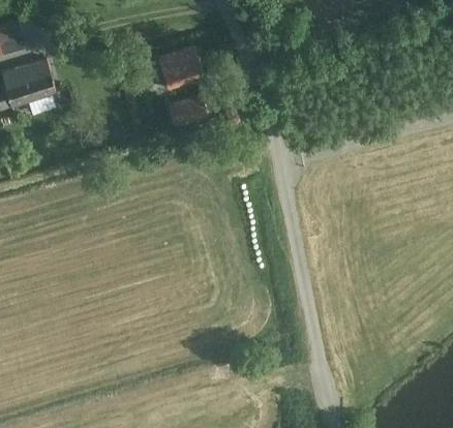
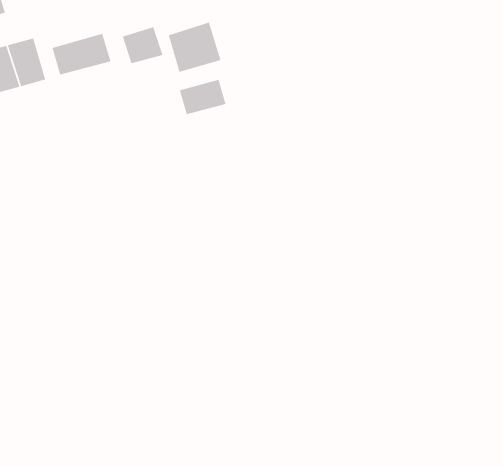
building: none -> [122,26,163,64]
building: none -> [52,33,112,75]

